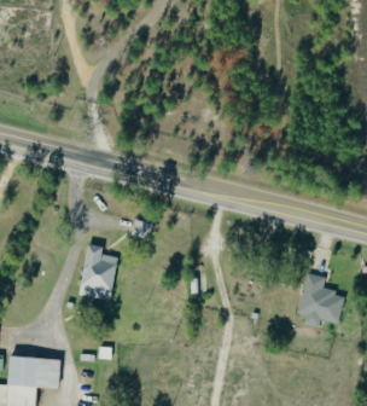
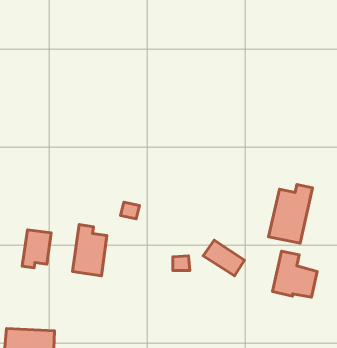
building: none -> [269,185,312,243]
building: none -> [22,230,51,268]

